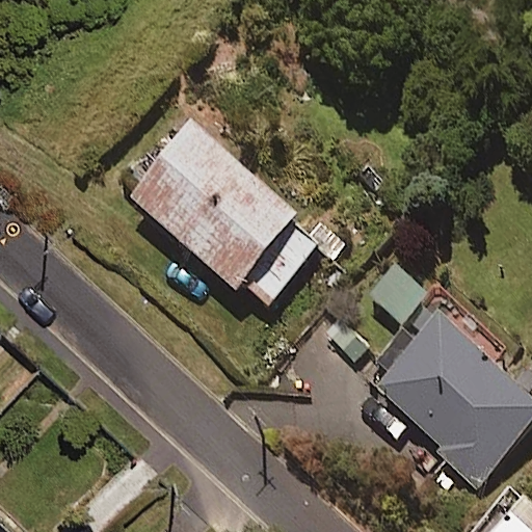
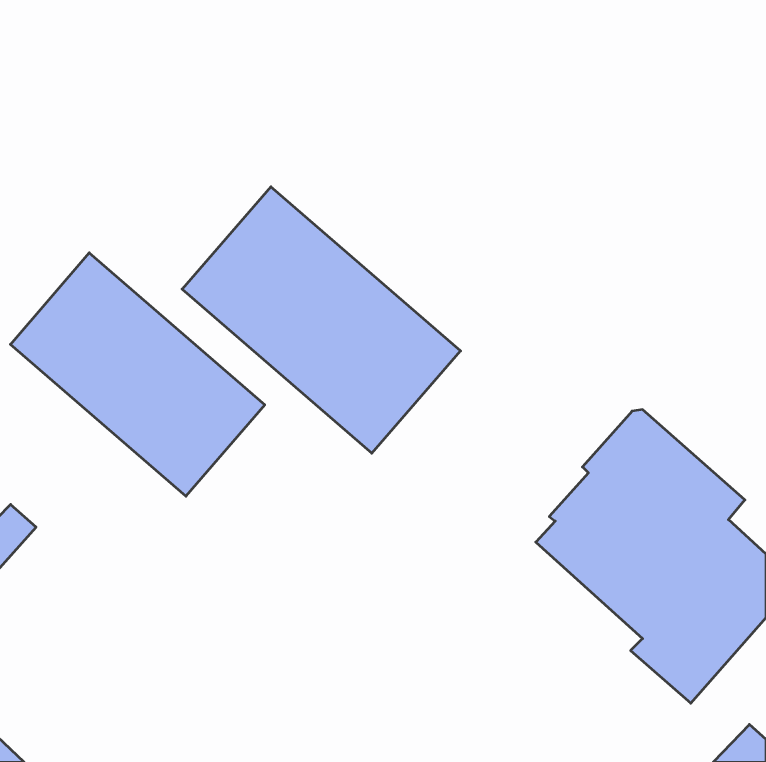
building: none -> [10,253,265,496]

